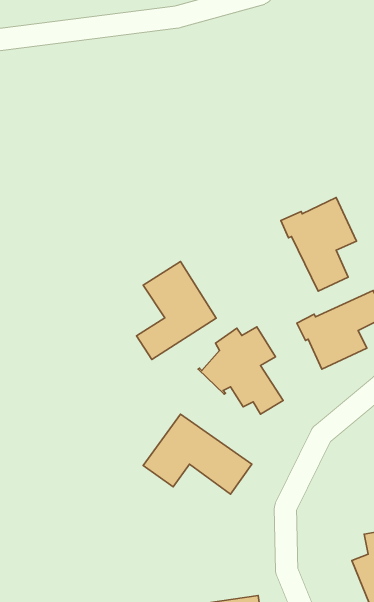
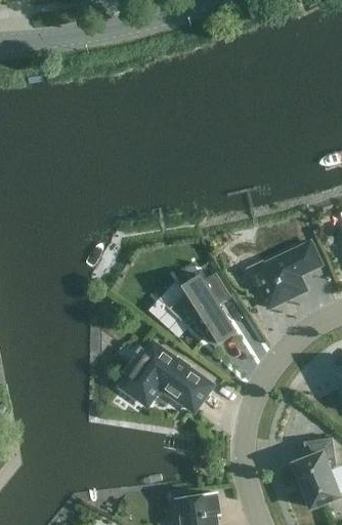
building: [281,198,357,291] -> none
building: [137,262,216,360] -> none

